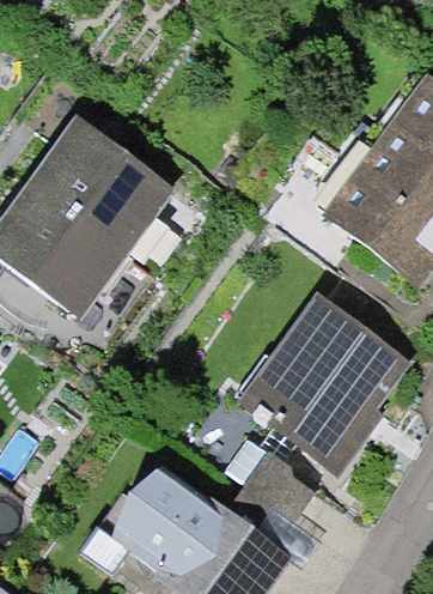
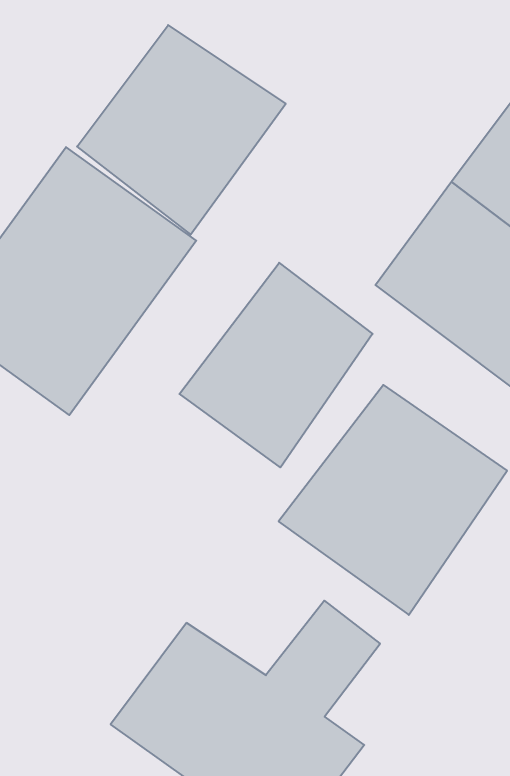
building: none -> [77,25,286,235]
building: none -> [179,263,373,467]

